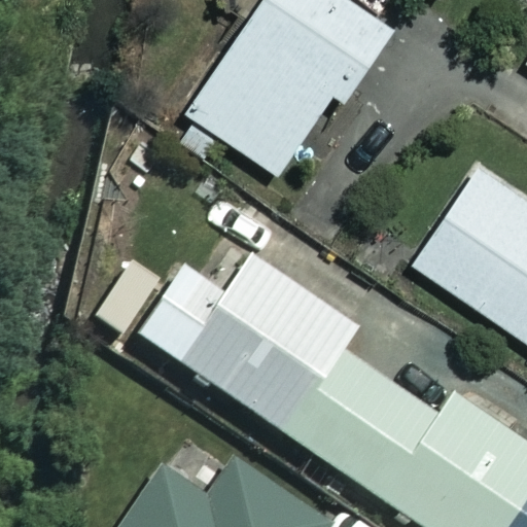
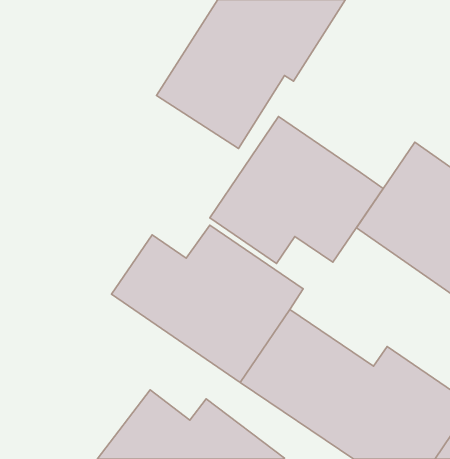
building: none -> [210,116,383,263]

